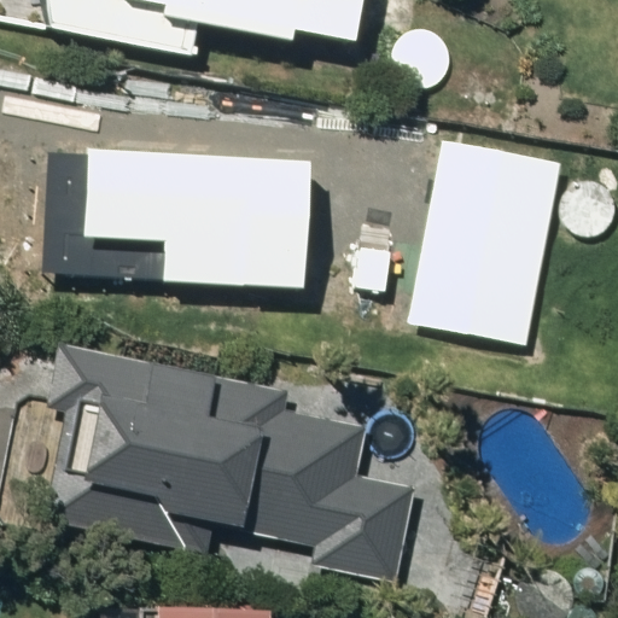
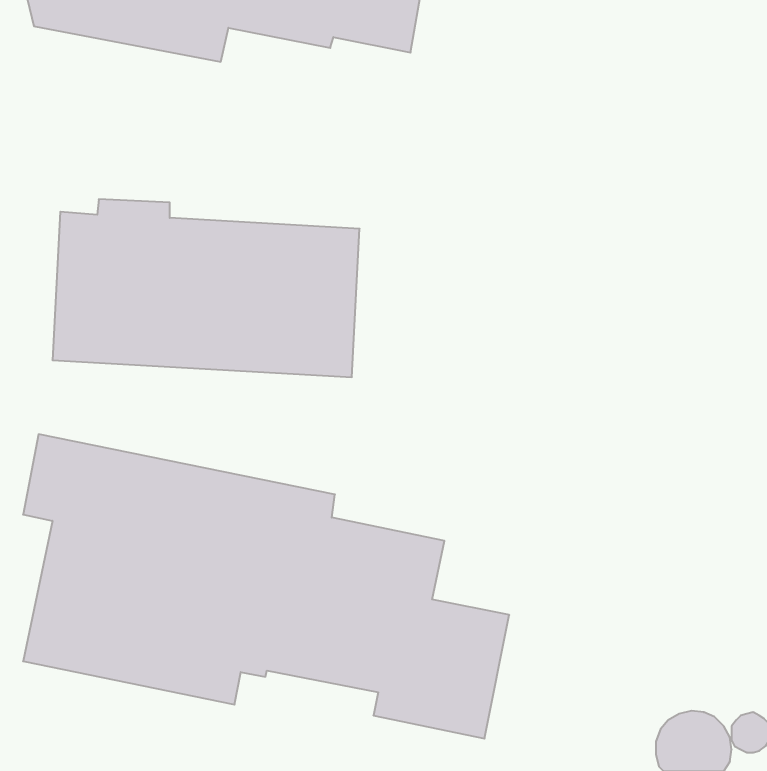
building: [410,133,564,336] -> none

